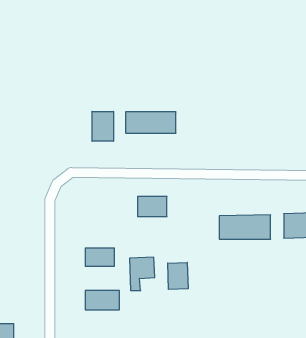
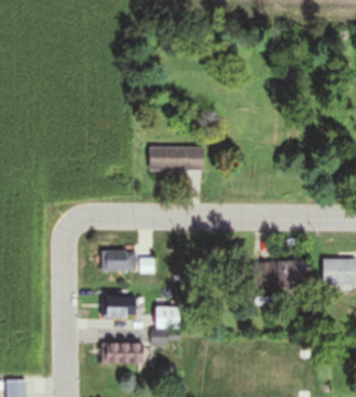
building: [92,111,113,141] -> none
building: [138,196,167,217] -> [103,250,135,272]
building: [168,262,188,289] -> none

